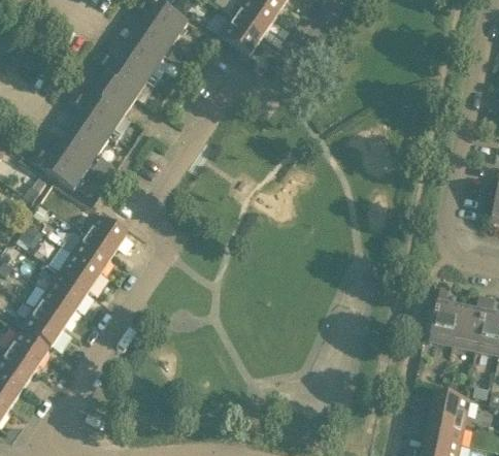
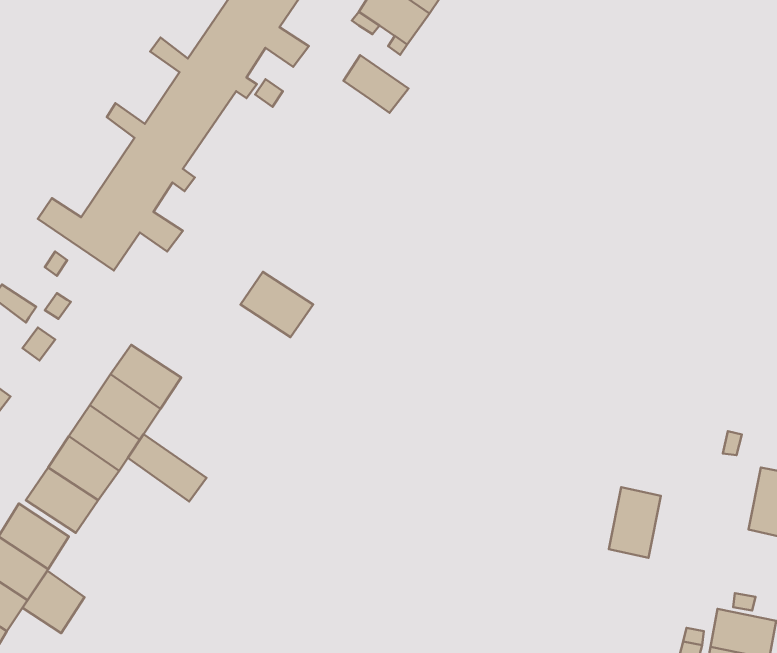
building: none -> [343,55,408,113]
building: [82,217,126,256] -> [241,272,313,337]
building: none -> [128,434,207,502]
building: [428,304,459,347] -> [609,487,661,558]
building: none -> [23,571,85,633]

